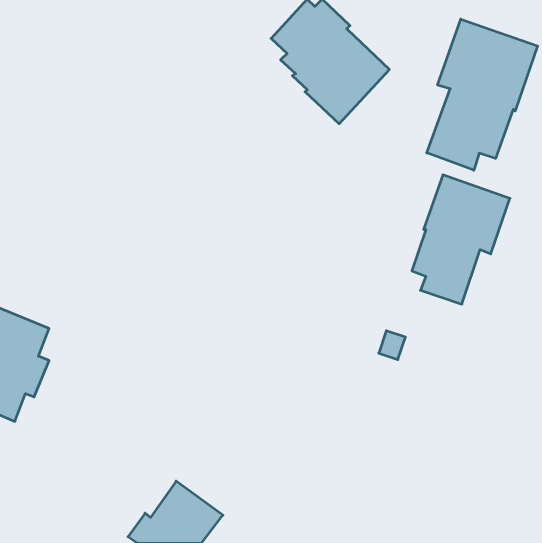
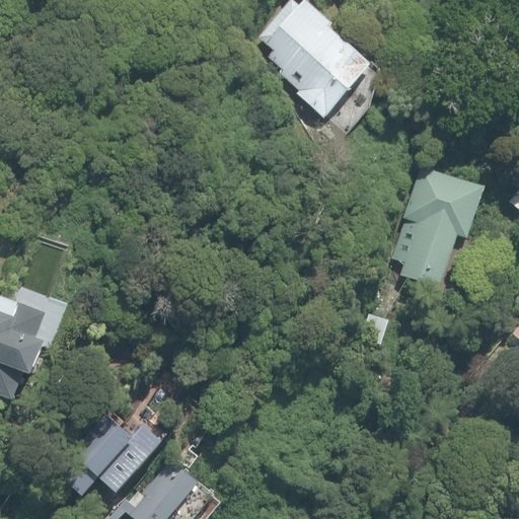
building: [427,19,538,170] -> none
building: none -> [63,415,161,496]

